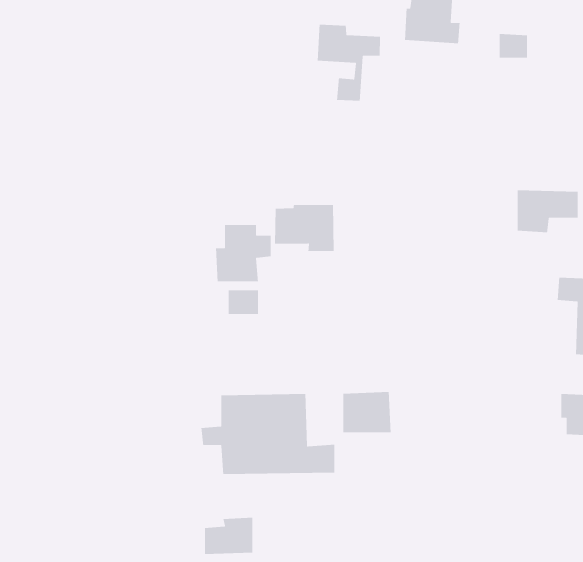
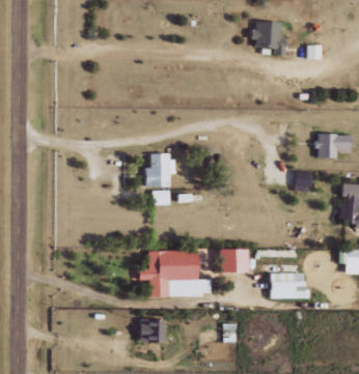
building: [317,24,381,101] -> none
building: [274,204,334,252] -> none
building: none -> [268,275,306,298]

